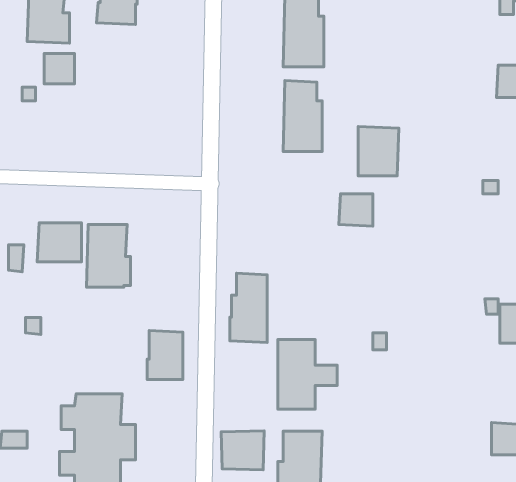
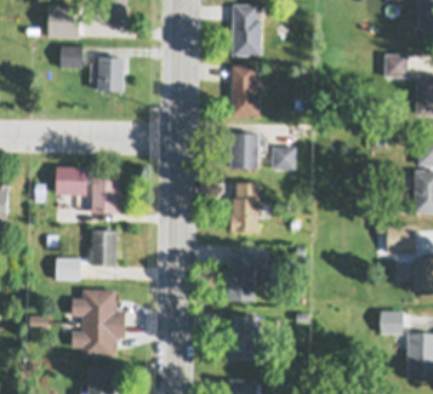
building: none -> [98,57,125,92]
building: [358,127,399,176] -> [230,133,260,169]
building: [230,273,267,343] -> [232,183,258,233]
building: [147,330,183,380] -> [91,230,116,265]
building: none -> [56,257,81,281]
building: [221,431,264,470] -> none

